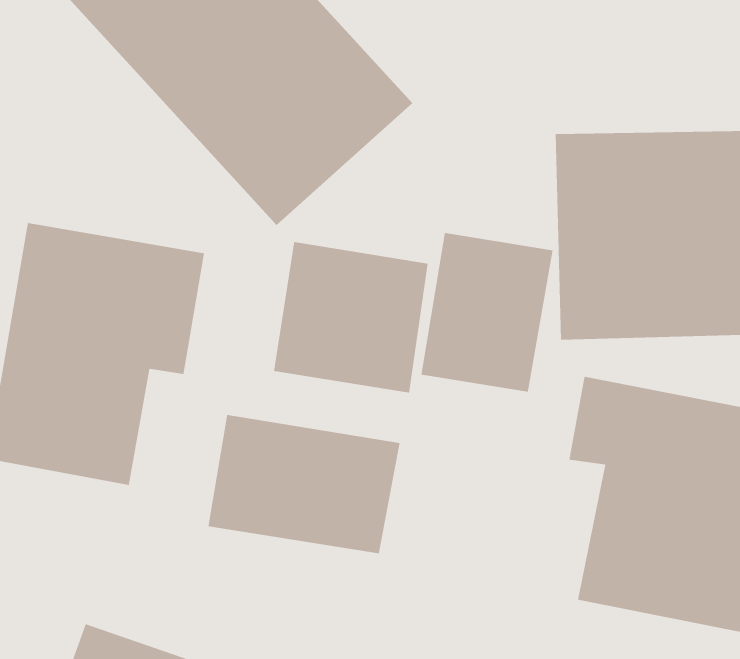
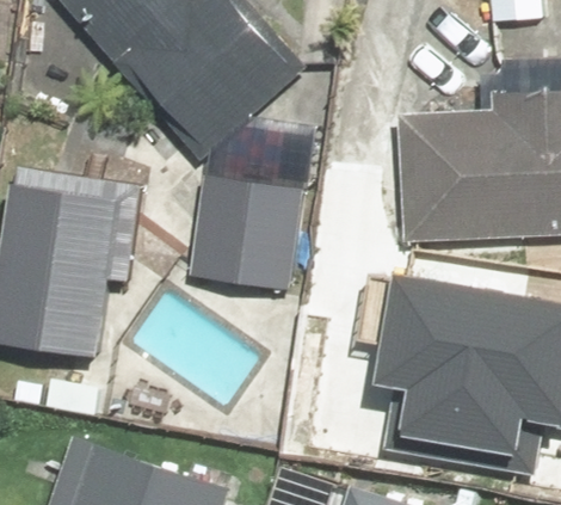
building: [421,232,553,392] -> none
building: [208,414,400,554] -> none

